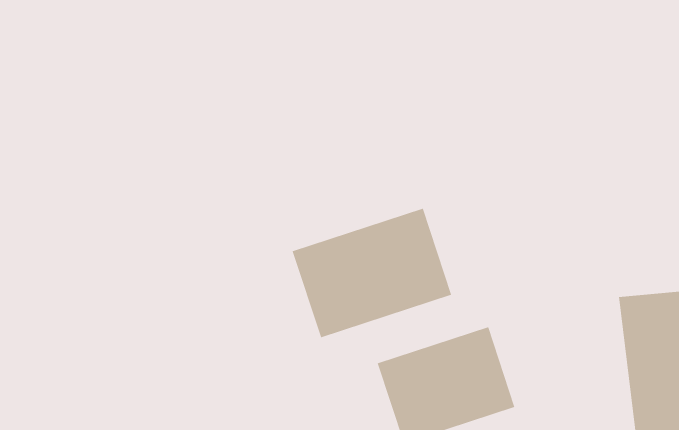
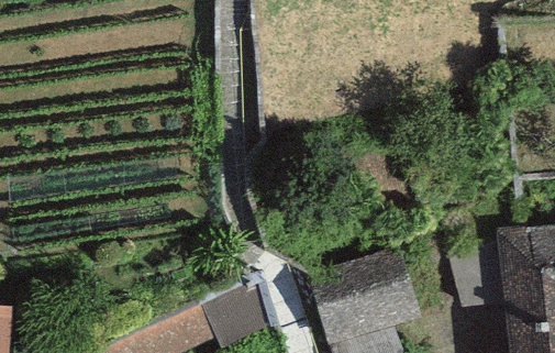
building: [292,208,452,338] -> none

